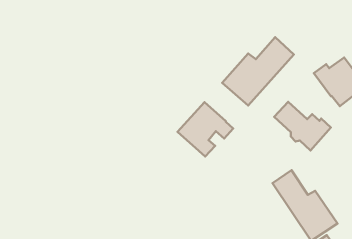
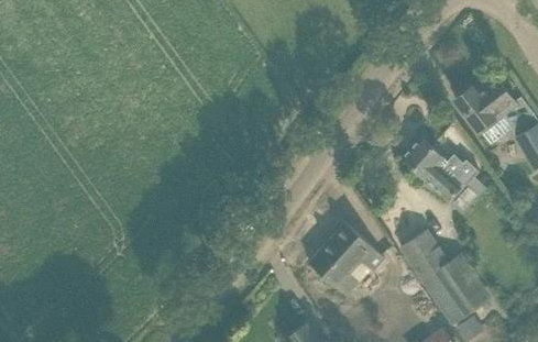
building: [222,37,294,106] -> none
building: [177,102,233,157] -> [309,223,384,296]

